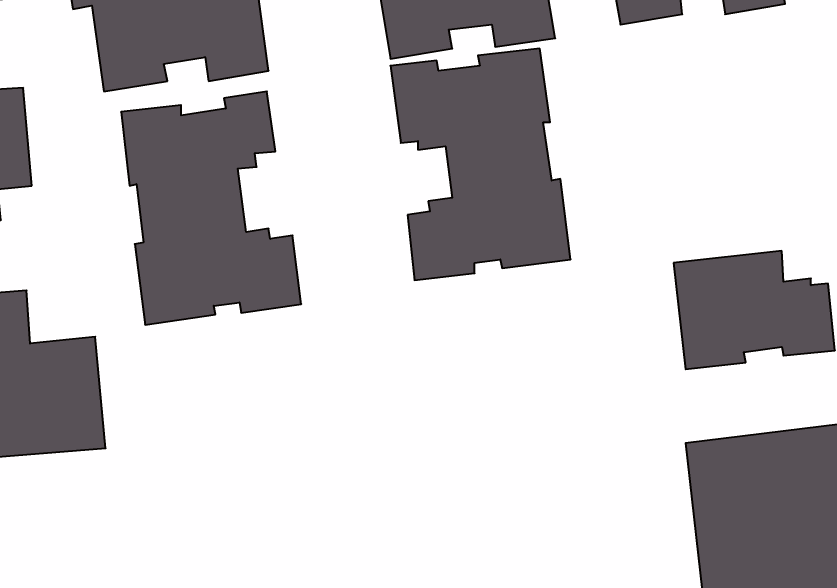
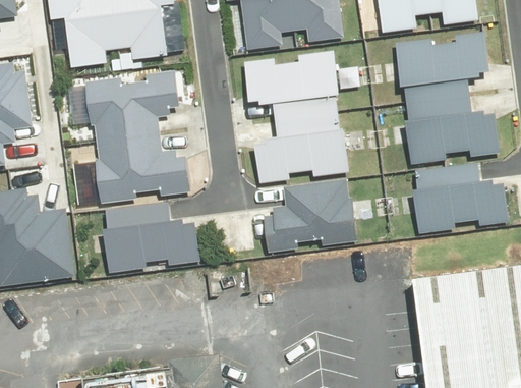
building: none -> [395,32,500,165]
building: none -> [262,180,357,253]
building: none -> [101,201,204,273]

